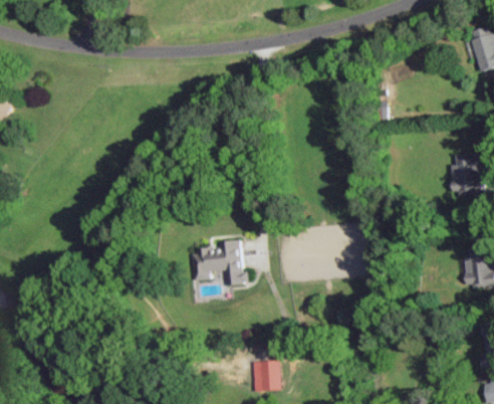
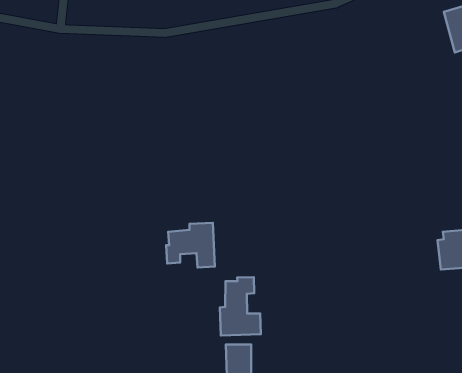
building: [451,160,481,195] -> none
building: none -> [220,277,261,336]

